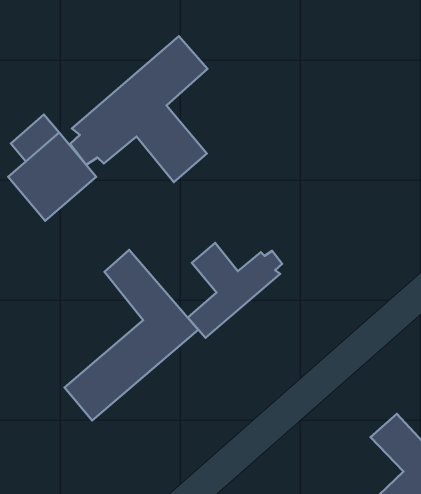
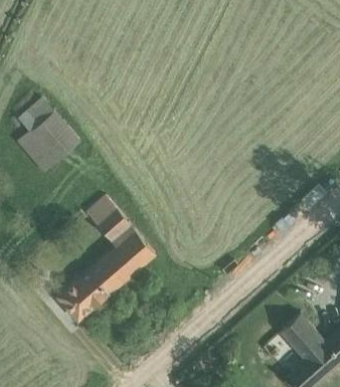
building: [70,36,208,182] -> none
building: [188,243,282,338] -> none

